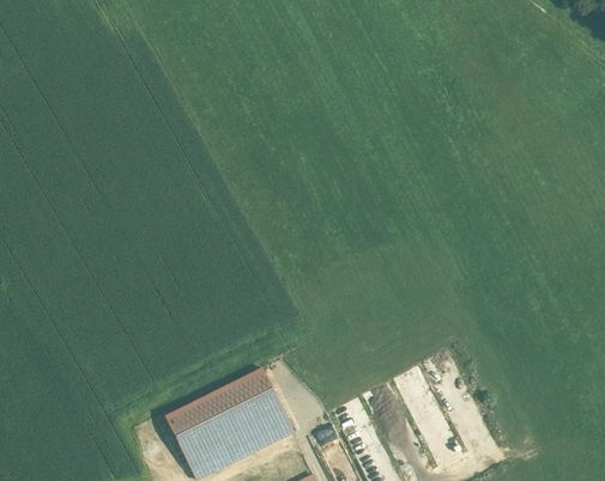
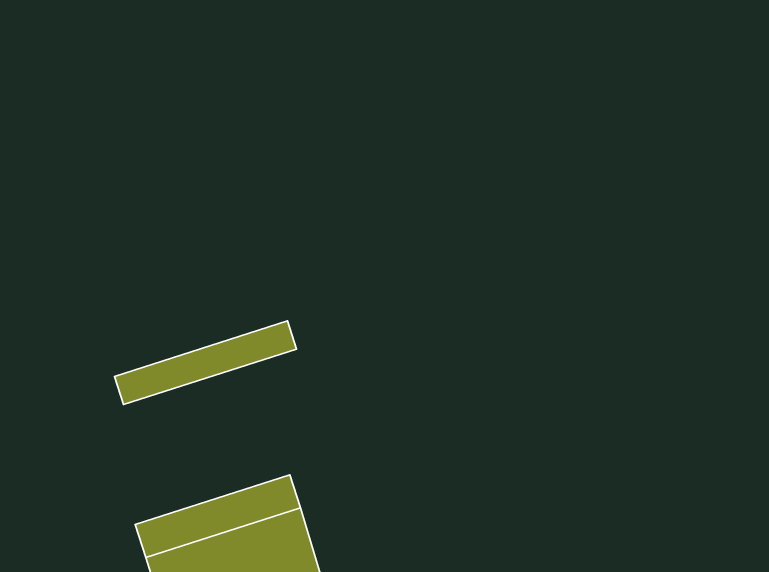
building: none -> [115,321,296,405]

